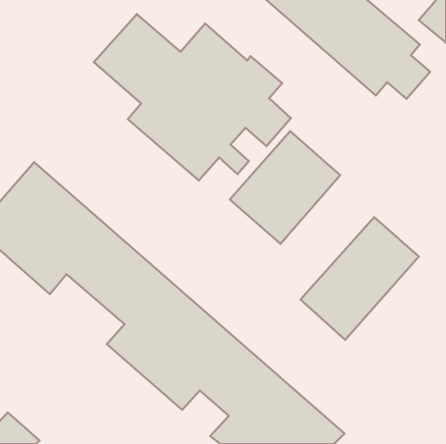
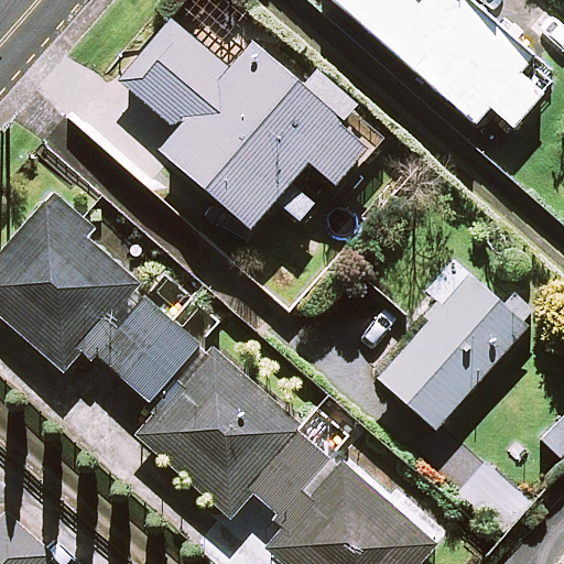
building: [230,131,340,244] -> none

